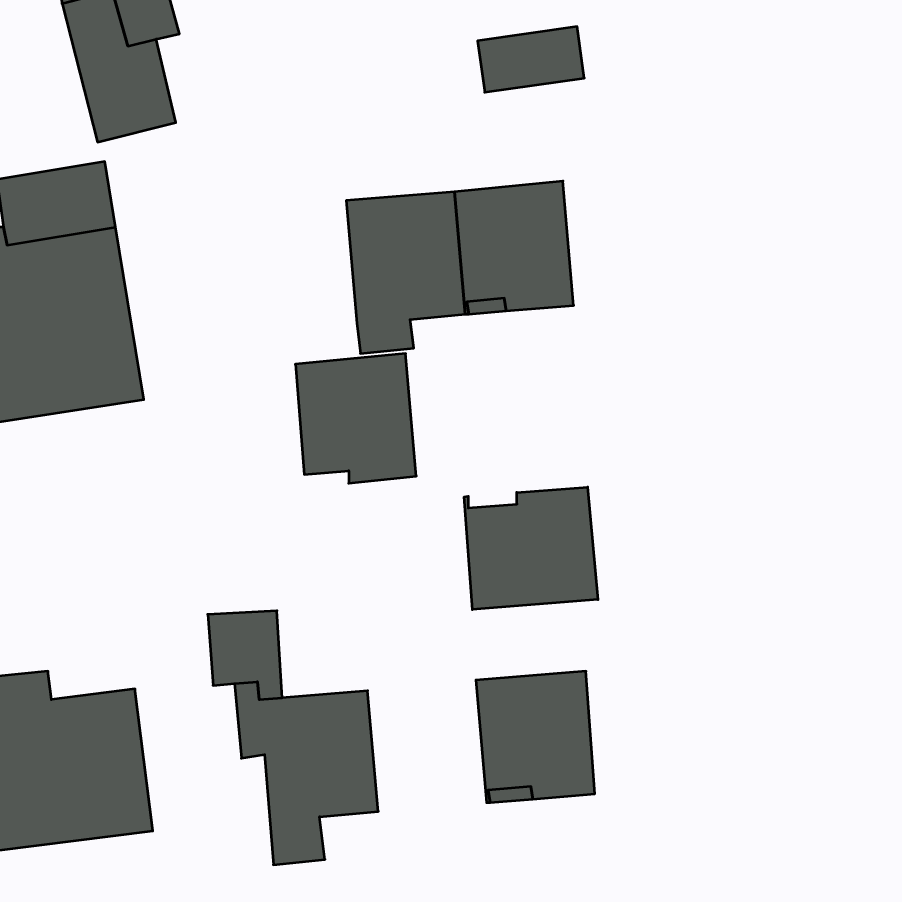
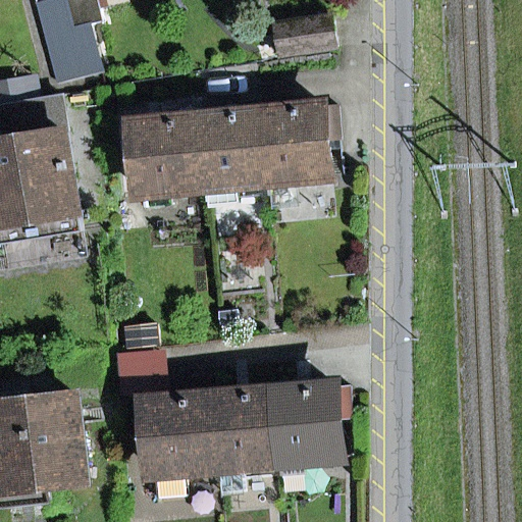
building: [295,354,416,483] -> [136,115,205,190]
building: [464,487,598,610] -> none
building: none -> [211,390,279,491]

